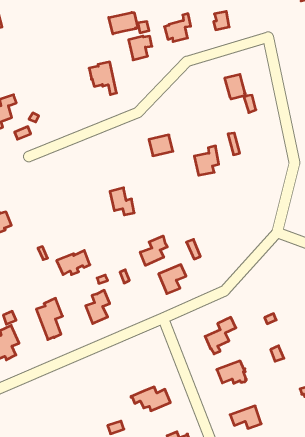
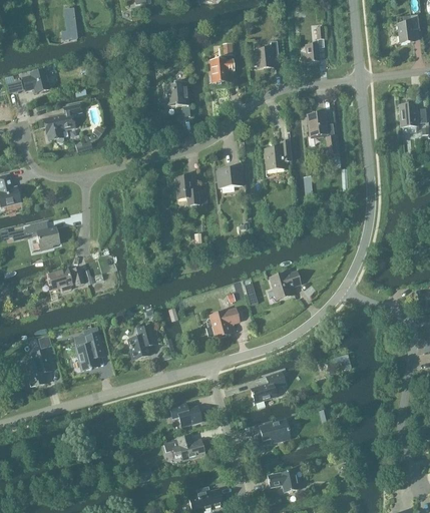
building: [109,12,138,34] -> none
building: [194,146,219,175] -> [265,140,290,169]
building: [110,188,134,215] -> [175,175,198,204]
building: none -> [270,271,300,299]
building: [140,236,167,265] -> none
building: [57,250,90,275] -> [48,267,83,291]
building: none -> [169,403,201,426]

